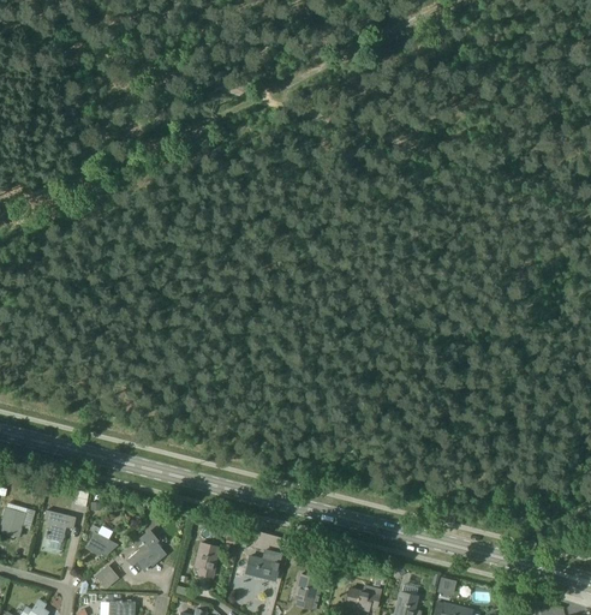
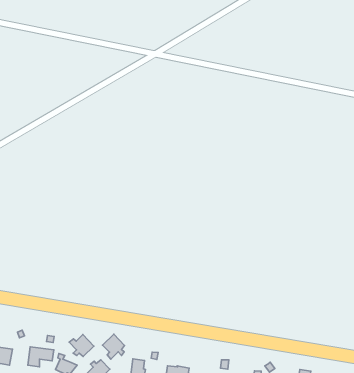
building: none -> [69,334,94,356]
building: none -> [102,334,125,359]

